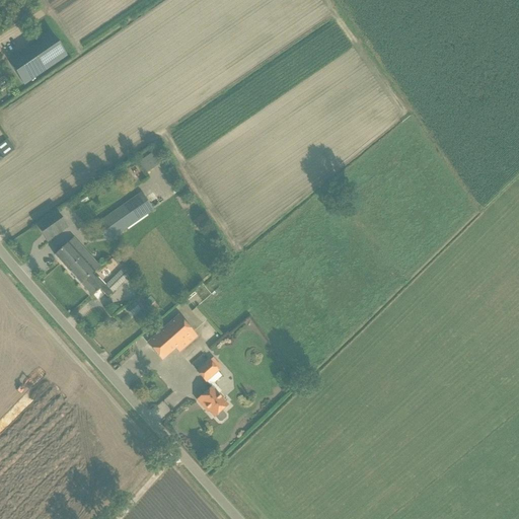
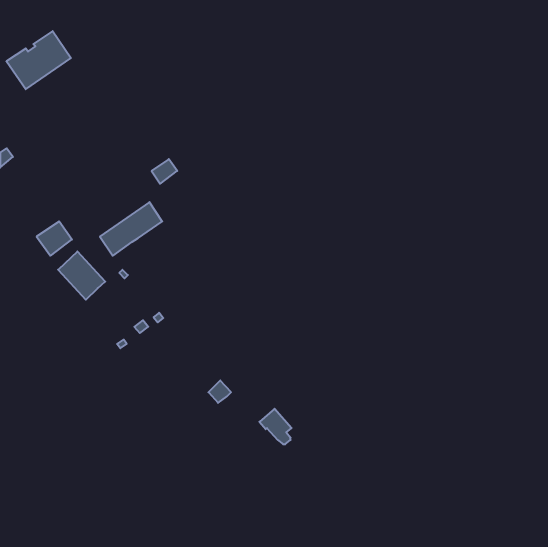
building: [82,269,131,296] -> none
building: [148,314,198,359] -> none
building: [198,386,228,420] -> [259,409,292,444]

